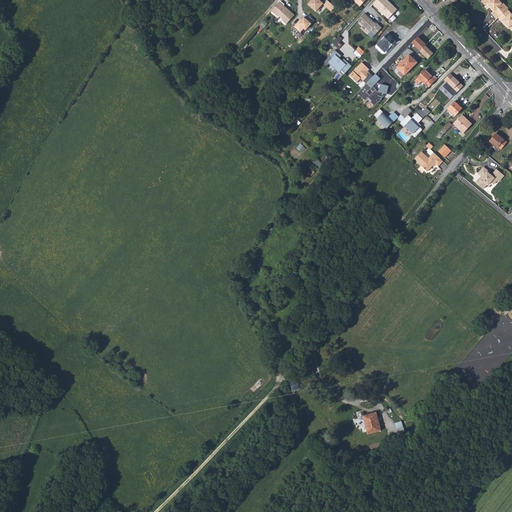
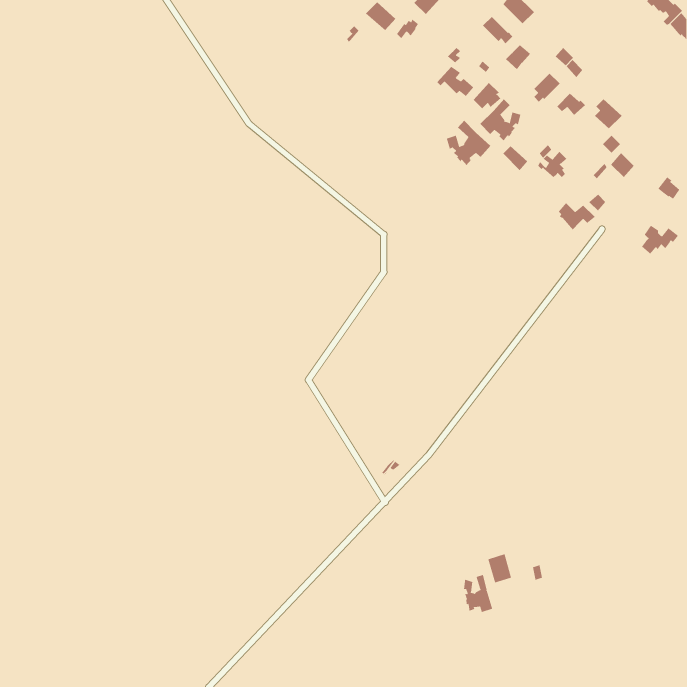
building: none -> [446,120,491,166]
building: none -> [464,574,493,613]

